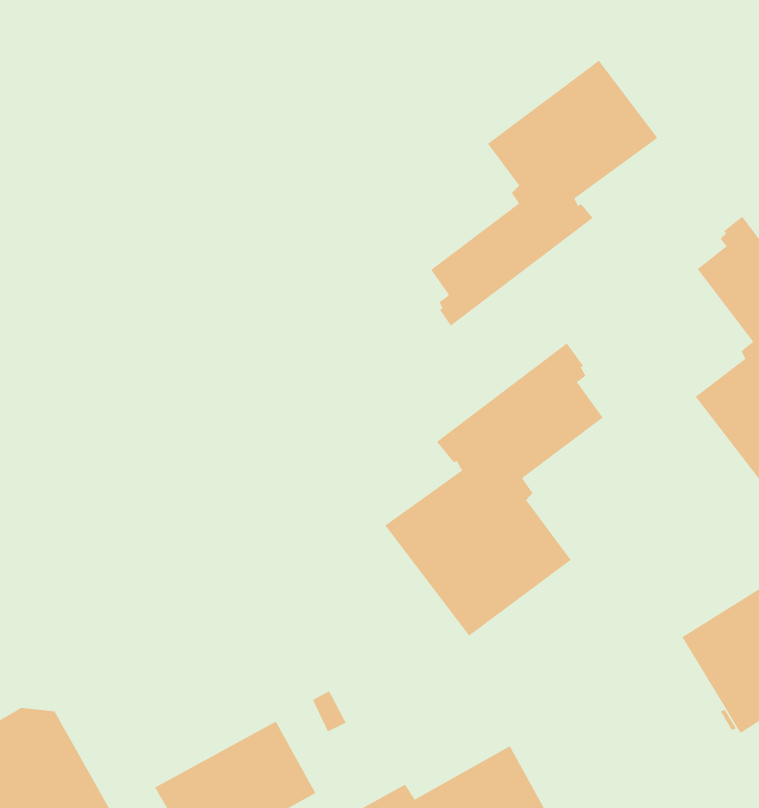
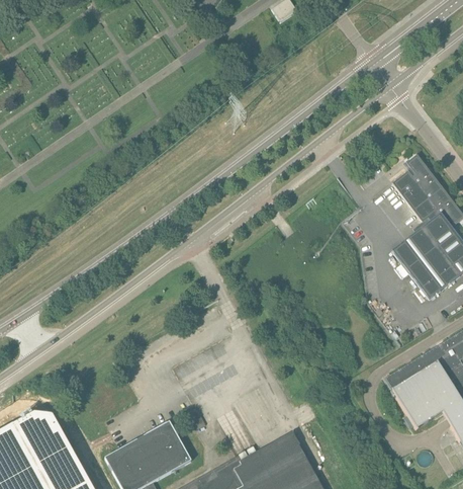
building: [430,60,658,326] -> none
building: [384,342,603,637] -> none

